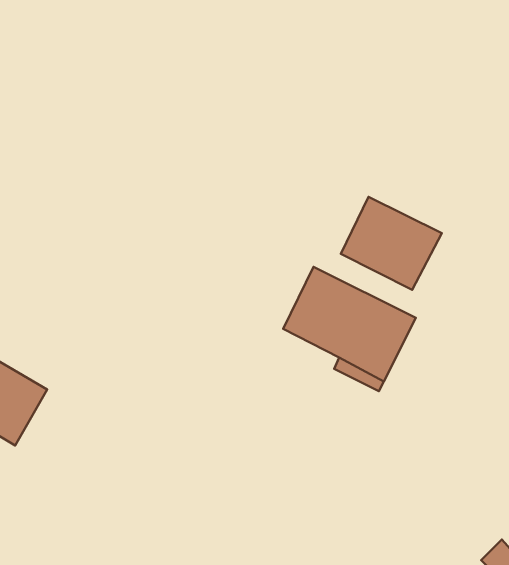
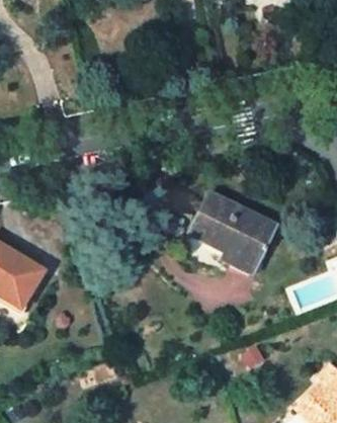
building: [341,197,442,290] -> none

